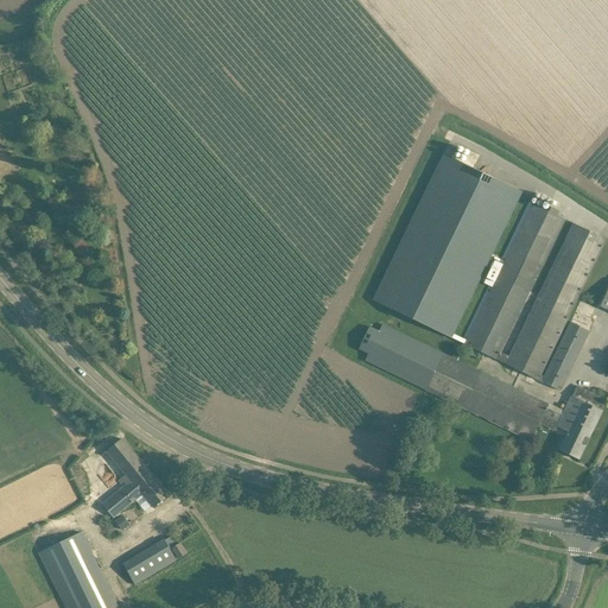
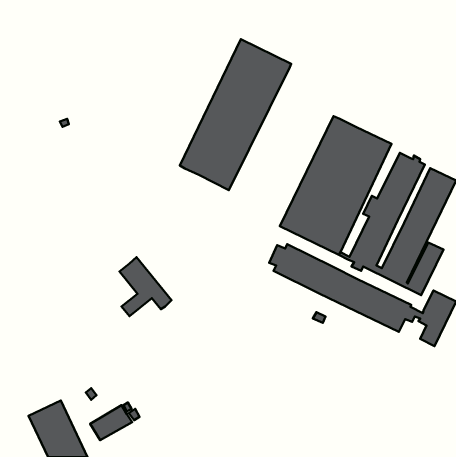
building: none -> [180,39,291,190]
building: [99,438,167,517] -> [120,257,171,316]

